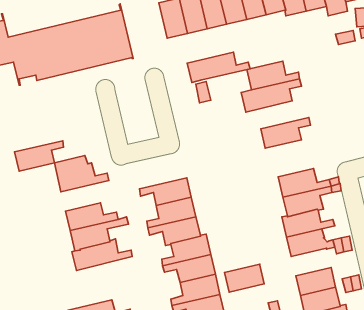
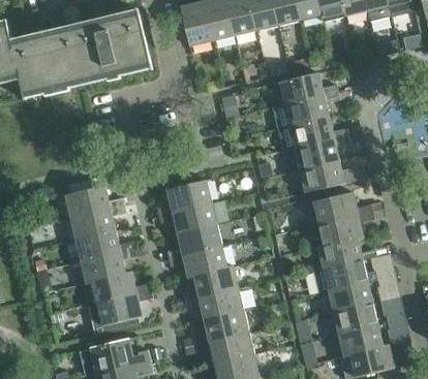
building: [187,52,250,83] -> [277,117,347,151]
building: none -> [299,160,365,192]
building: [15,141,64,171] -> [70,206,125,240]
building: none -> [156,180,211,215]
building: none -> [88,290,152,336]
building: [225,264,264,292] -> [328,281,372,312]

